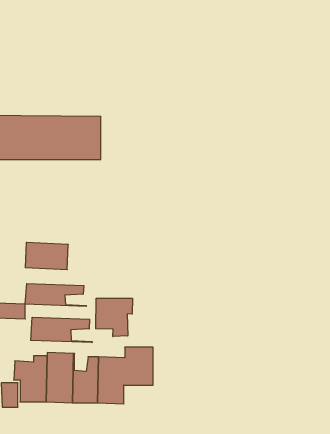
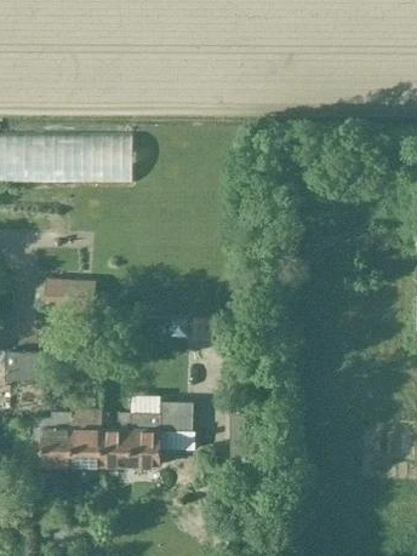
building: [25,284,86,306] -> none
building: [96,298,132,337] -> none
building: [31,317,92,343] -> none

